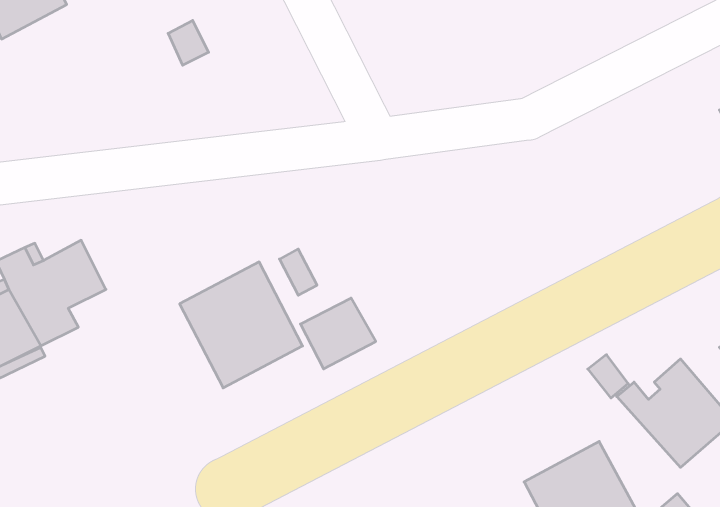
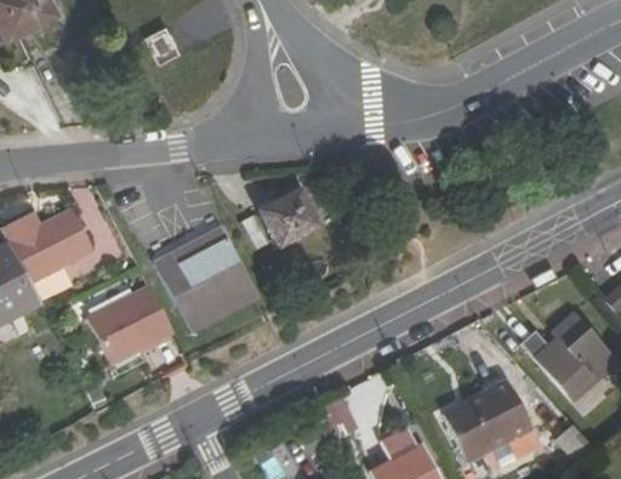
building: [300,298,376,369] -> [258,188,321,247]
building: none -> [81,289,167,366]

